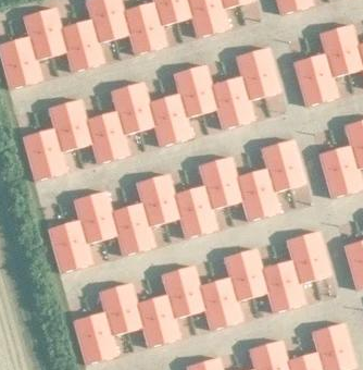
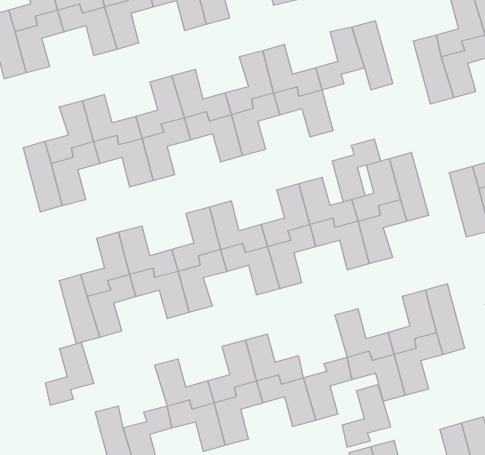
building: [231,81,265,124] -> [332,139,381,202]
building: [215,252,249,296] -> [342,384,391,447]
building: [90,287,124,331] -> [45,342,94,405]

